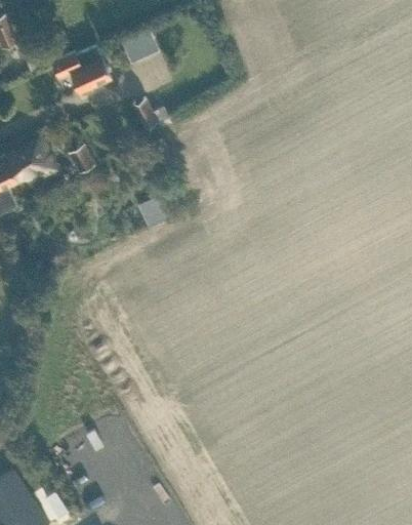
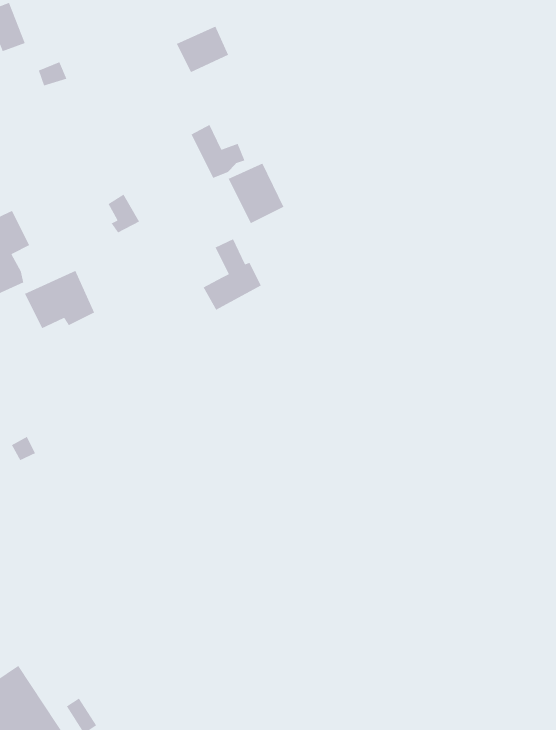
building: [53,48,111,94] -> none
building: none -> [228,163,285,224]
building: [9,142,58,183] -> [24,270,95,329]

